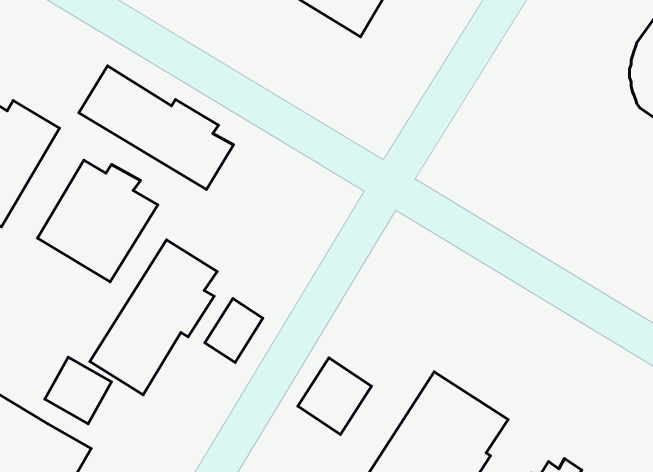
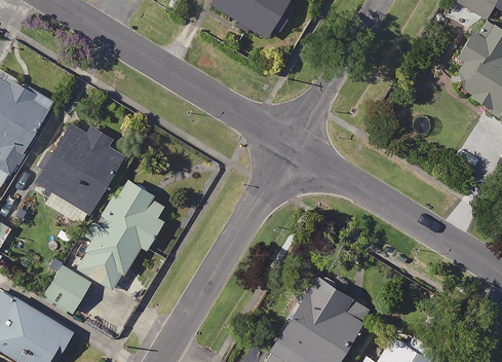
building: [79,66,234,190] -> none
building: [205,299,263,363] -> none
building: [298,358,372,435] -> none

